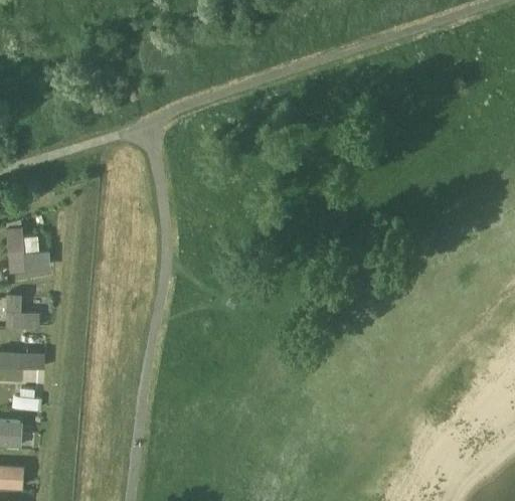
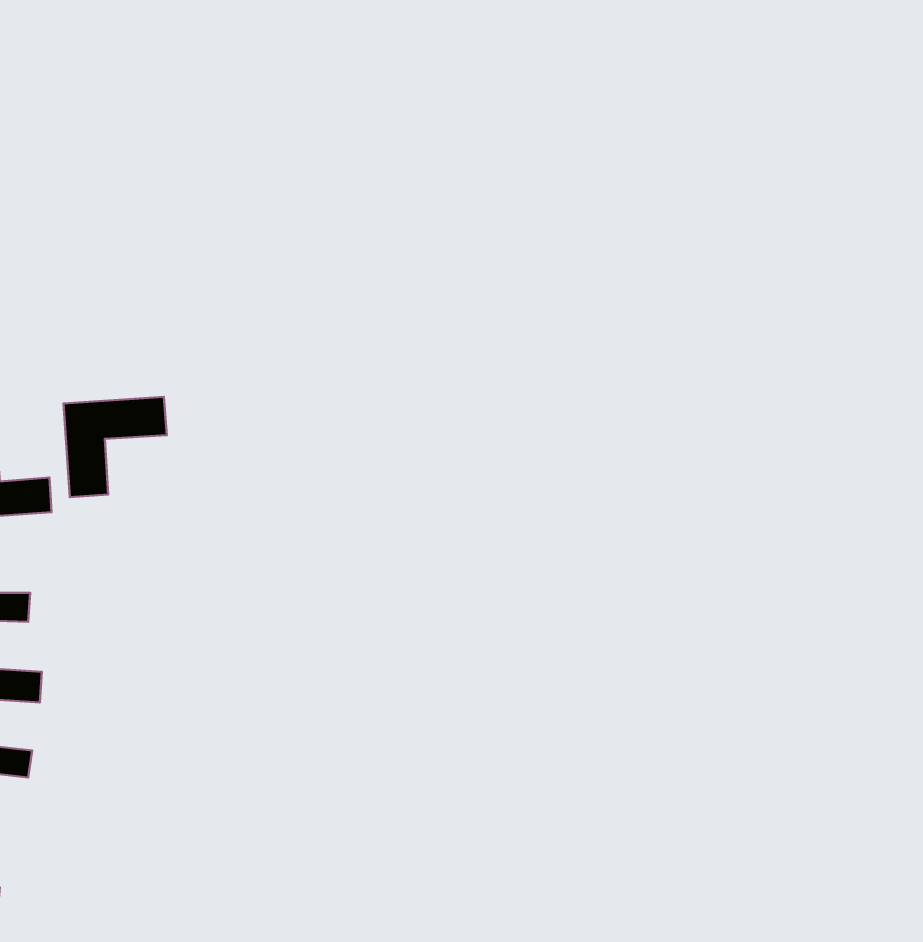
building: none -> [64,397,167,497]

